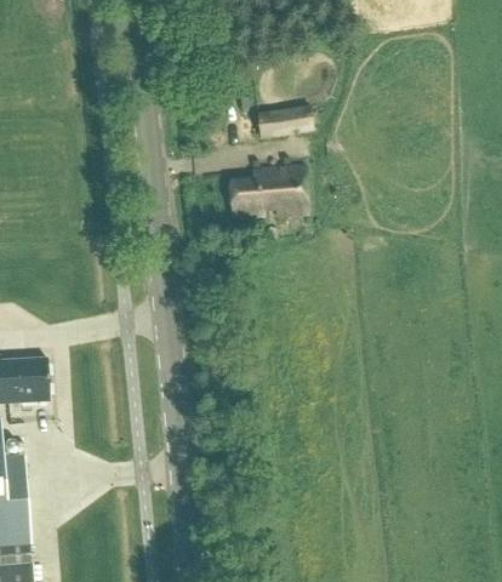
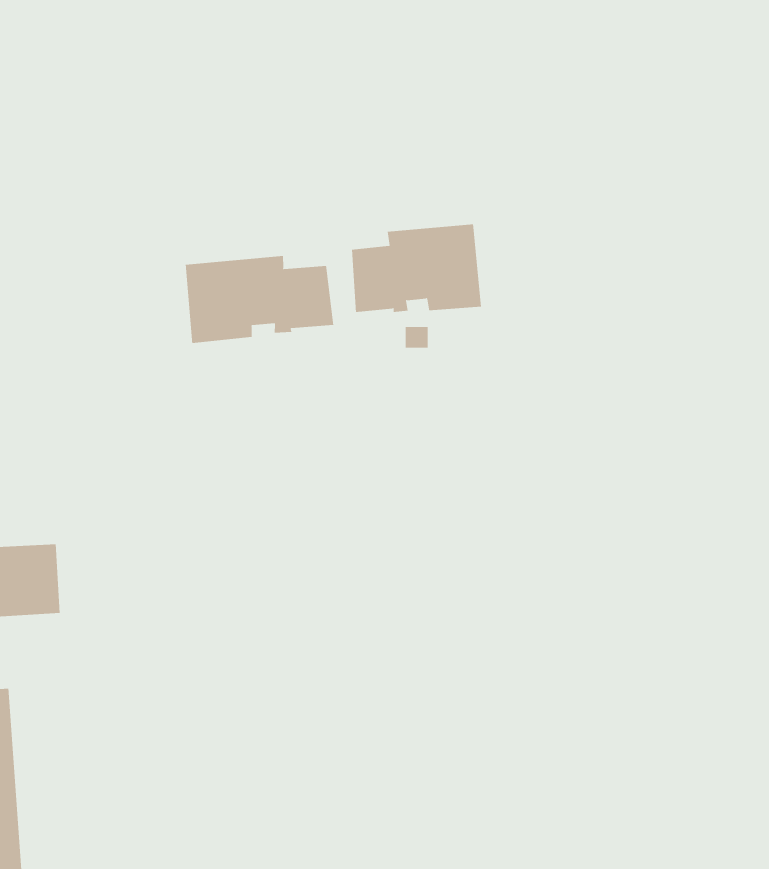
building: [253,104,312,139] -> none
building: none -> [185,255,334,344]

